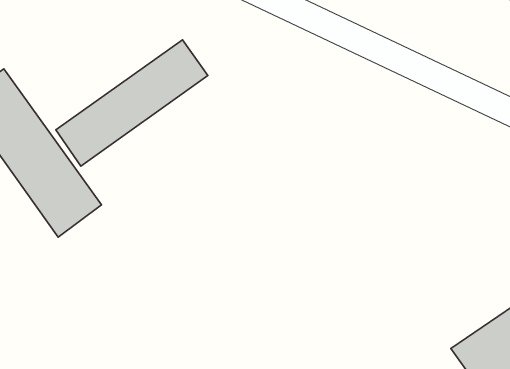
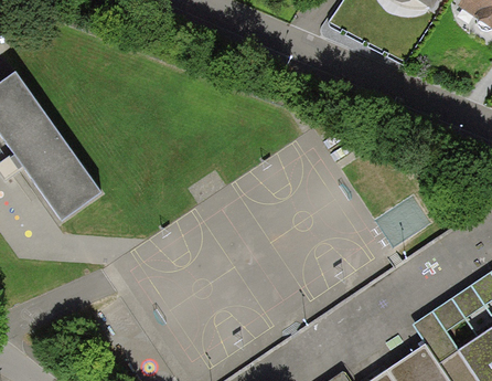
building: [56,40,208,166] -> none

